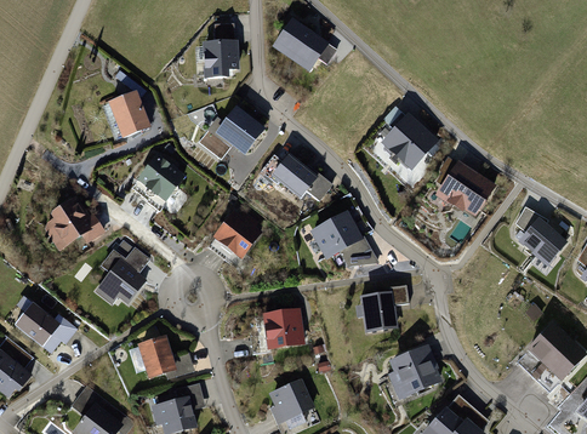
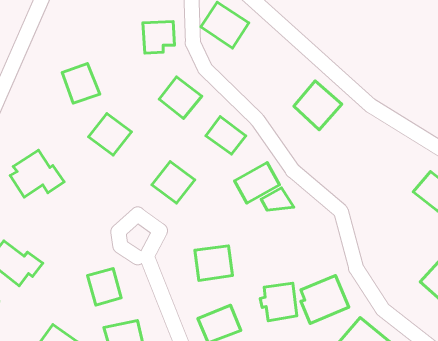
building: [433,160,492,218] -> none
building: [95,245,150,304] -> none
building: [358,290,401,335] -> [260,283,297,321]

